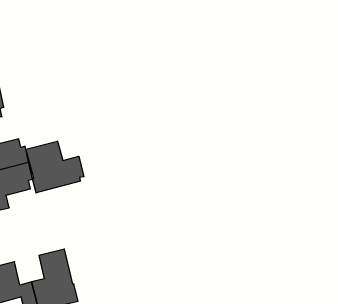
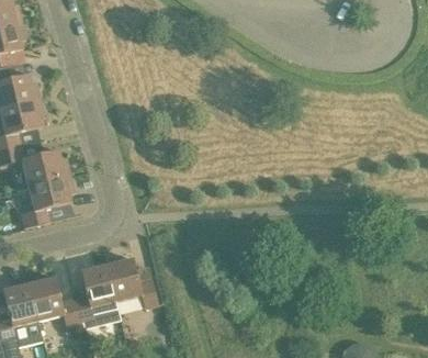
building: [26,141,84,193] -> none
building: none -> [106,257,157,306]

